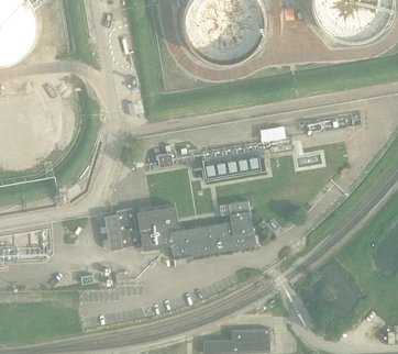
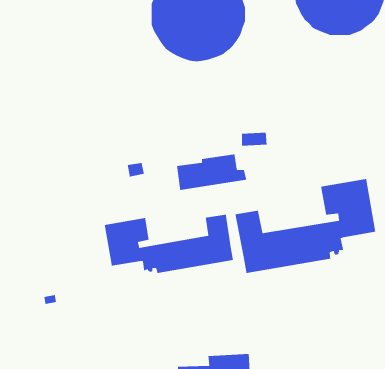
building: none -> [234,178,376,274]
building: [103,208,137,250] -> none

